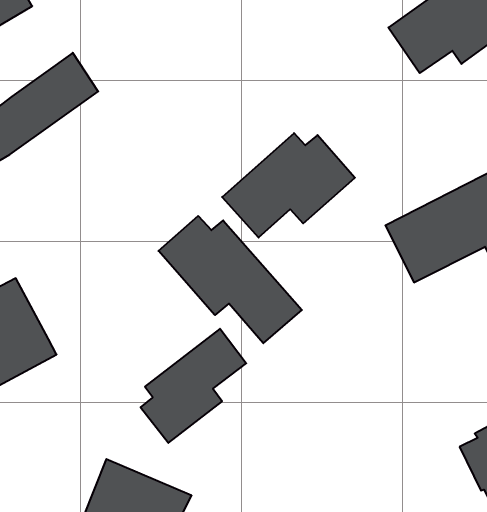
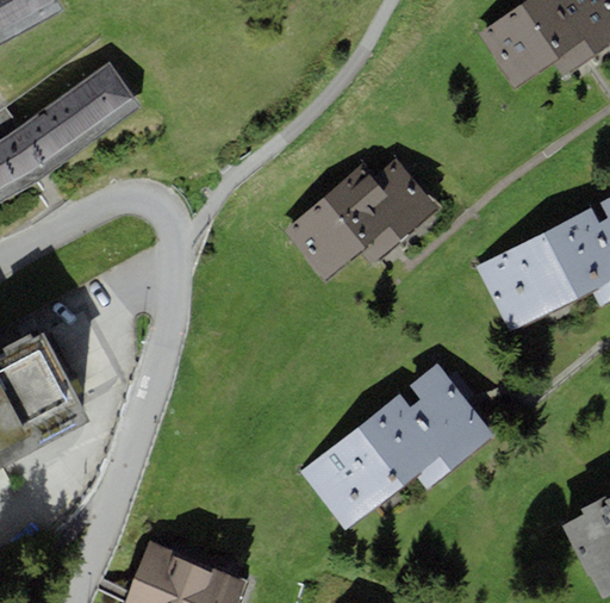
building: [158,216,302,343] -> none
building: none -> [299,363,496,530]
building: [141,329,246,443] -> none

